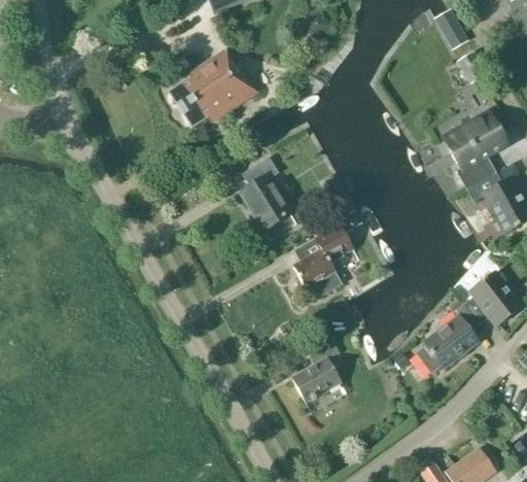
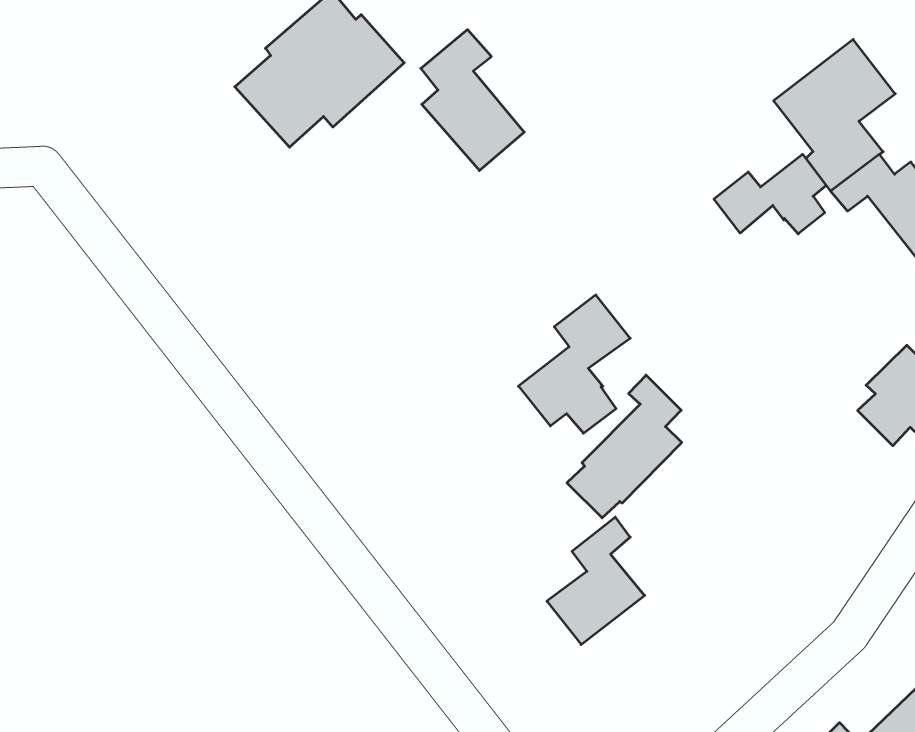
building: [241,157,291,230] -> [421,30,524,171]
building: none -> [714,154,826,234]
building: [417,303,481,373] -> [567,375,682,518]

